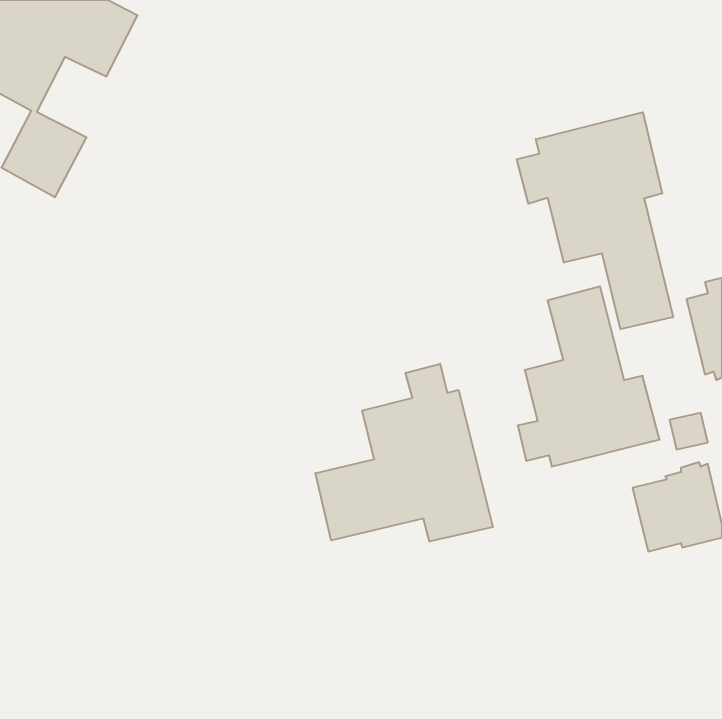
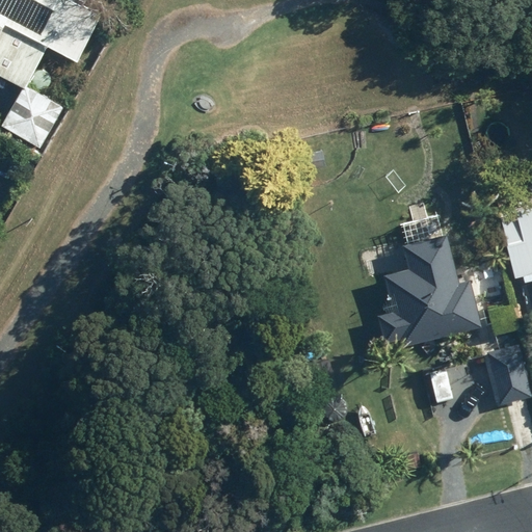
building: [517,112,673,329] -> none
building: [315,364,493,542] -> none

